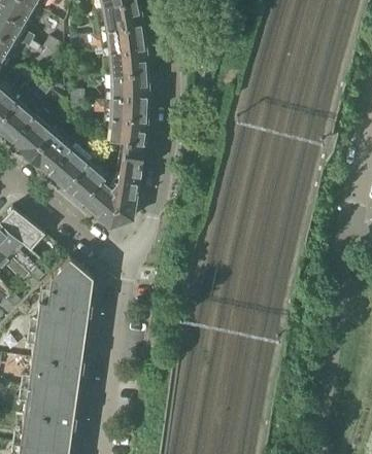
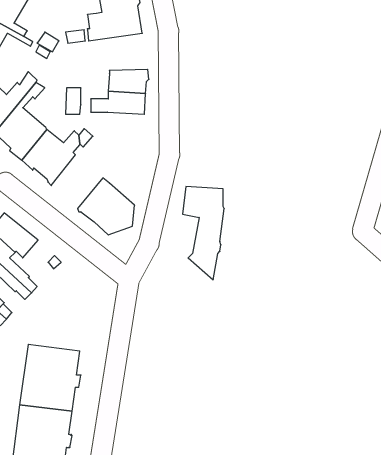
building: [92,40,147,75] -> none
building: [106,114,145,202] -> [183,187,224,280]
building: [57,154,105,205] -> none
building: [35,259,93,339] -> none

